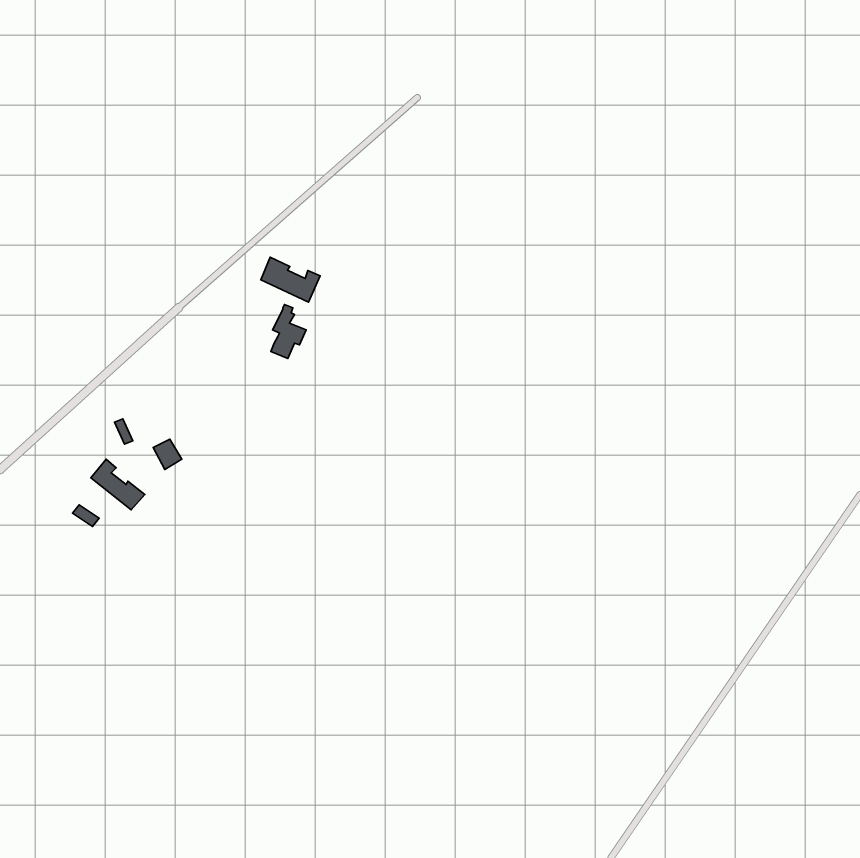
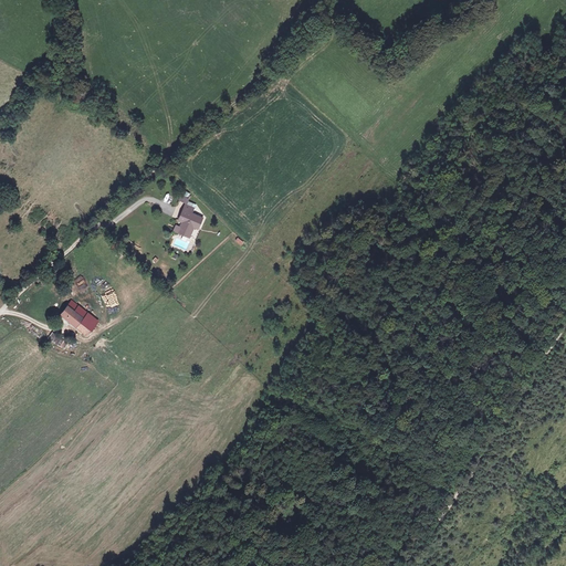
building: [261,257,320,302] -> none

